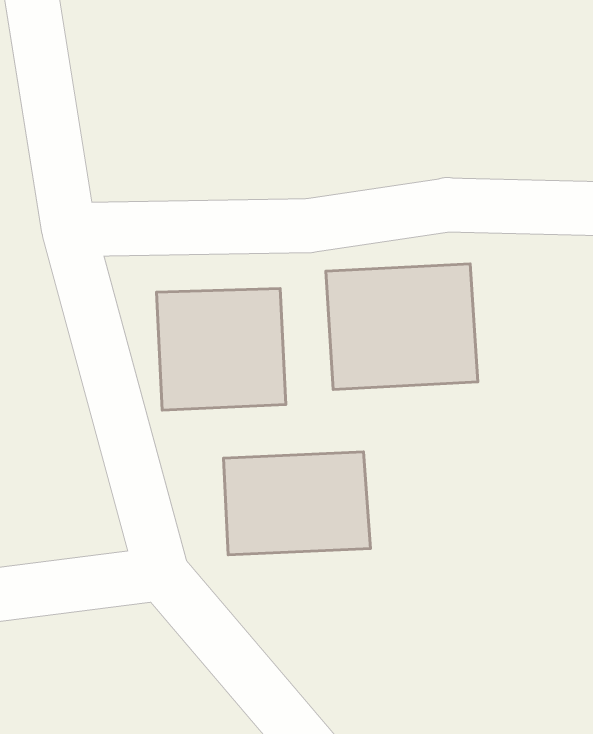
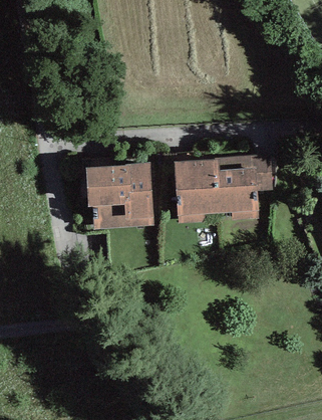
building: [224,452,370,555] -> none

